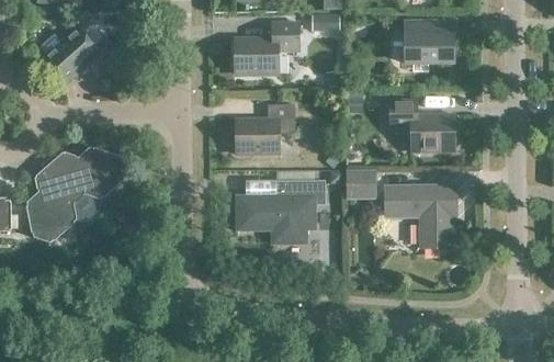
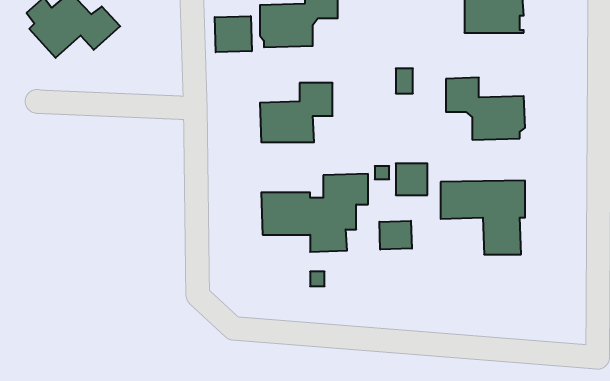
building: none -> [215,16,252,52]
building: [26,147,126,242] -> none
building: none -> [379,221,412,250]

